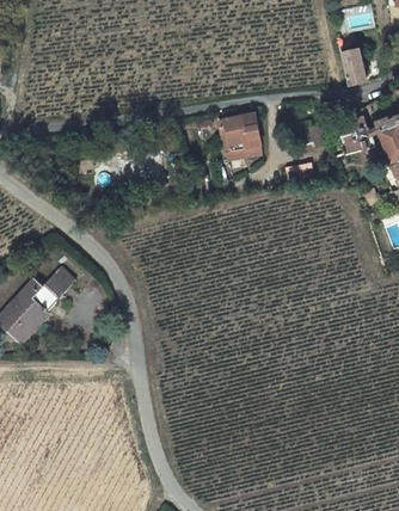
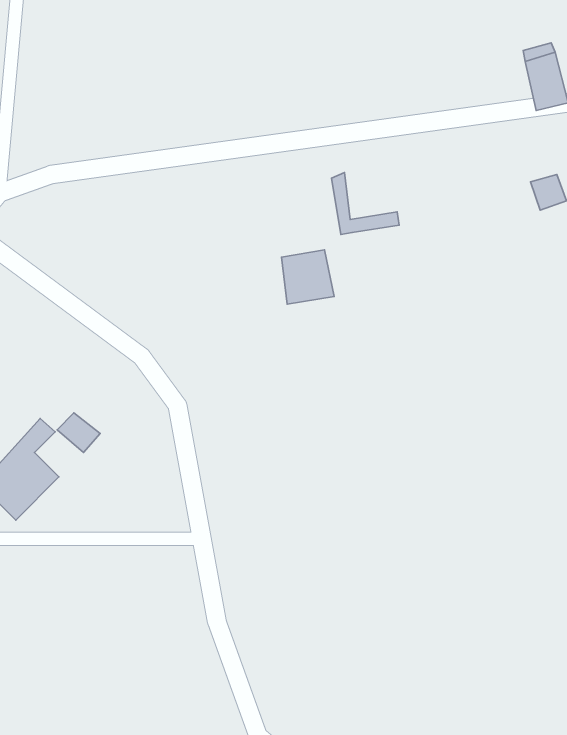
building: [227,119,260,154] -> [281,250,334,304]

